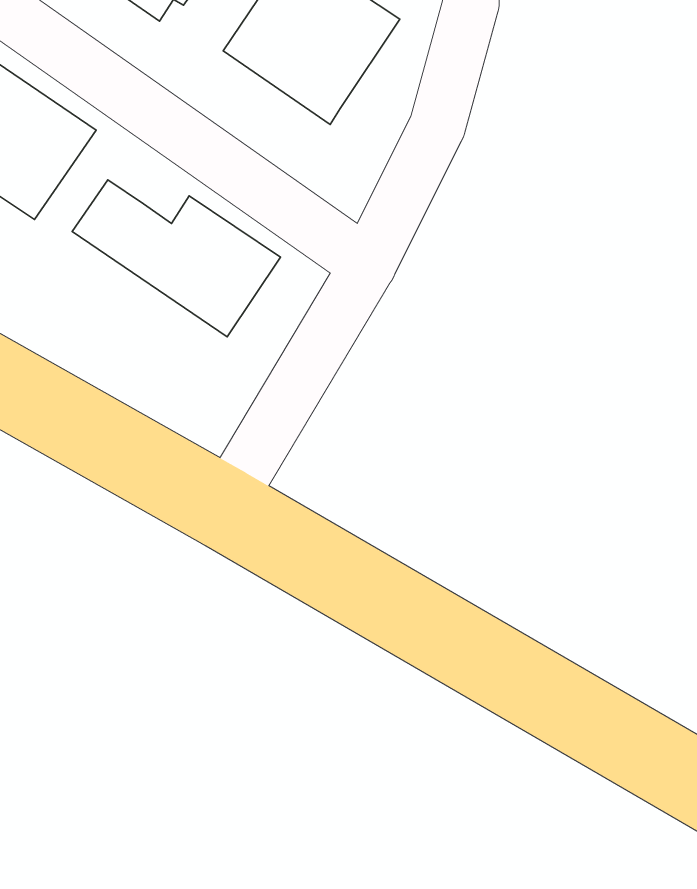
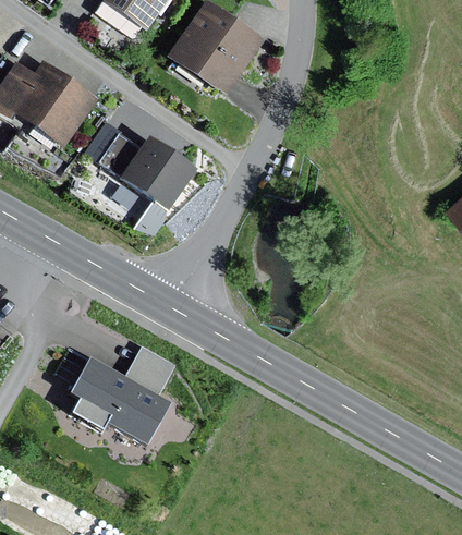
building: none -> [63,344,177,441]

